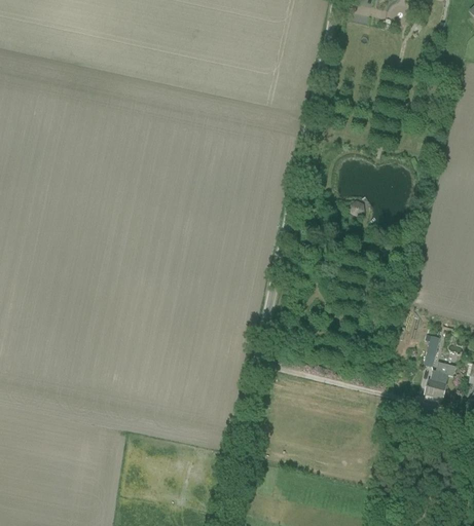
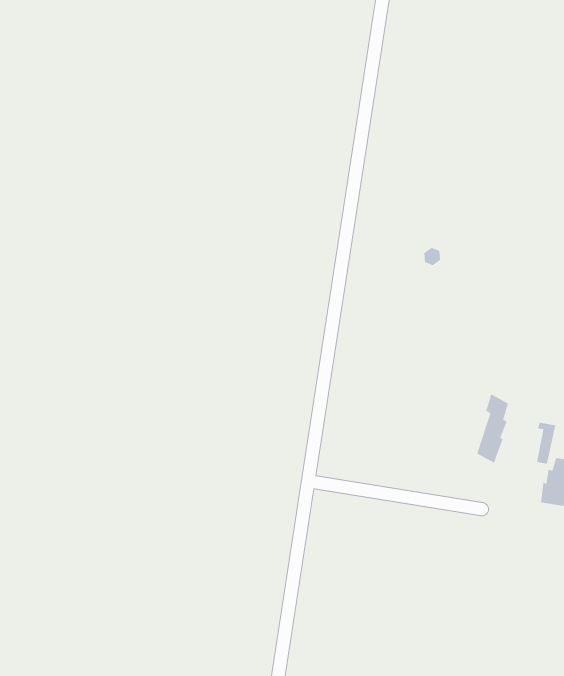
building: none -> [476,393,509,464]

